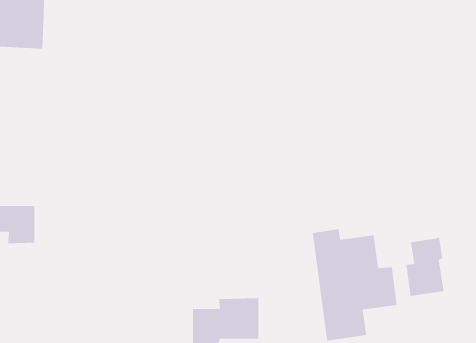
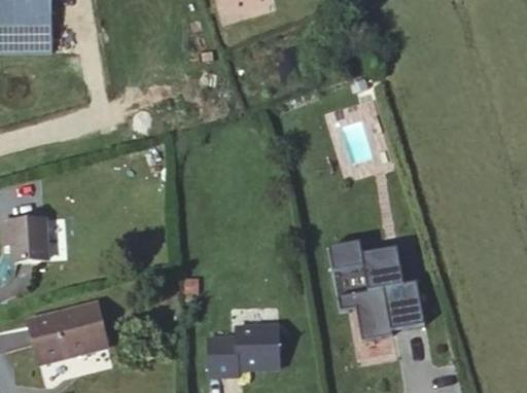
building: [405,237,444,297] -> none
building: none -> [26,300,99,356]

